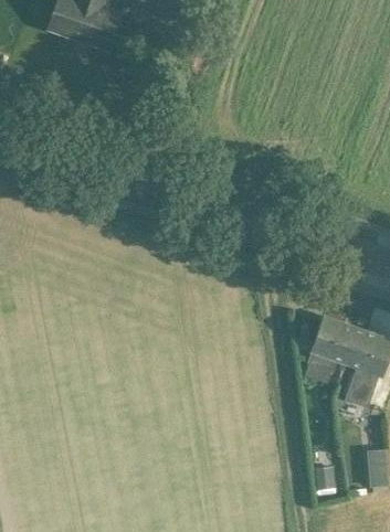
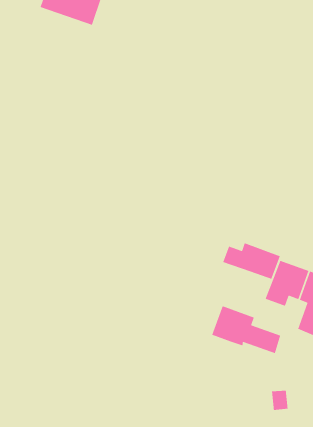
building: none -> [222,242,281,280]
building: none -> [211,305,281,354]

